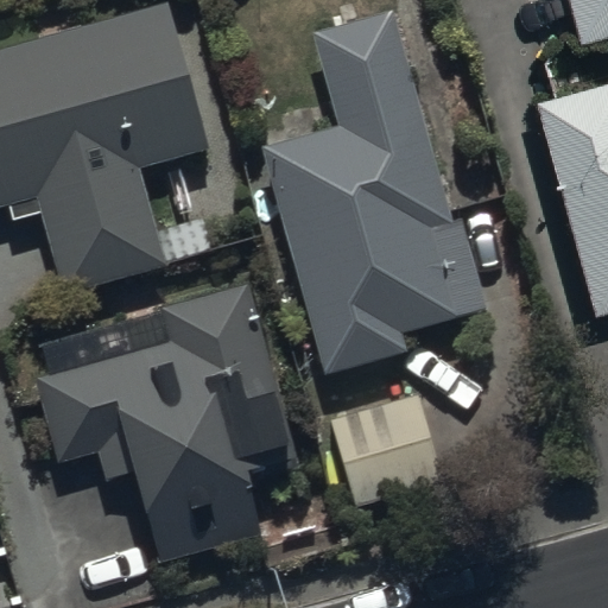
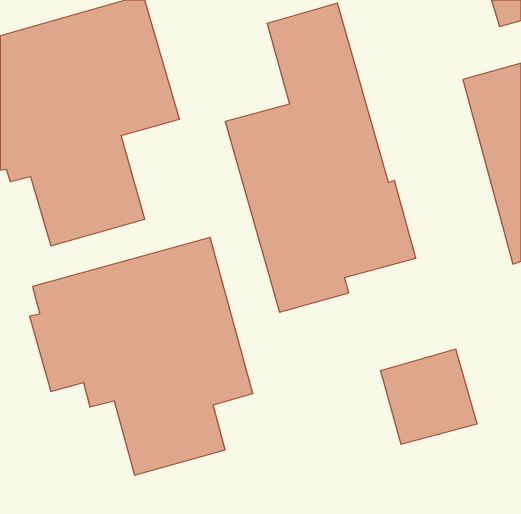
building: [328,395,441,506] -> [380,349,477,444]

